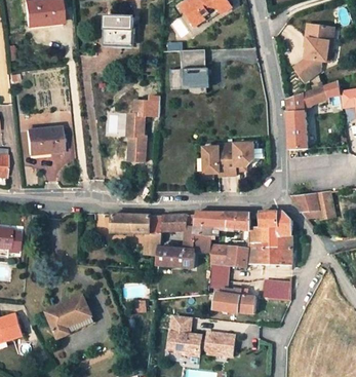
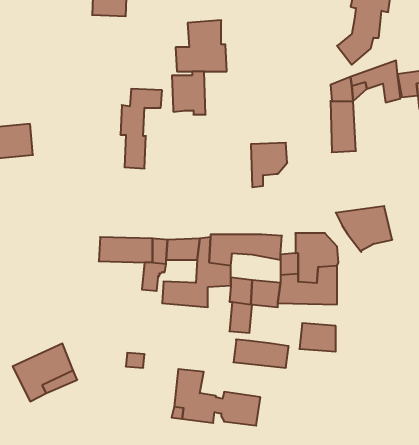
building: [202,143,228,176] -> [172,71,206,115]

